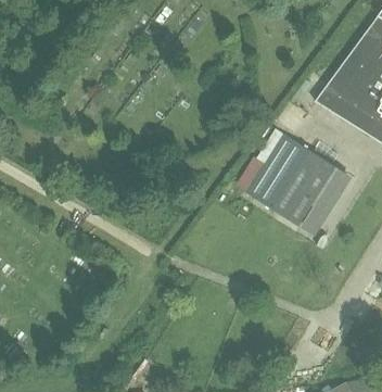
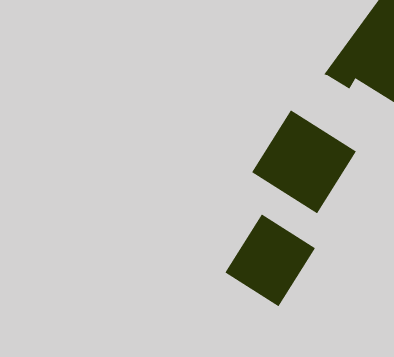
building: none -> [225,214,316,307]

